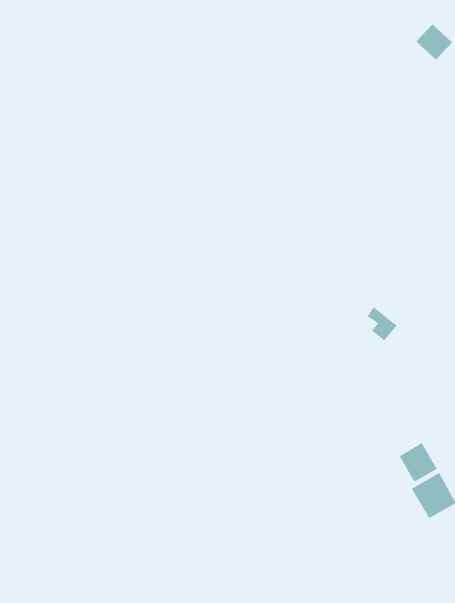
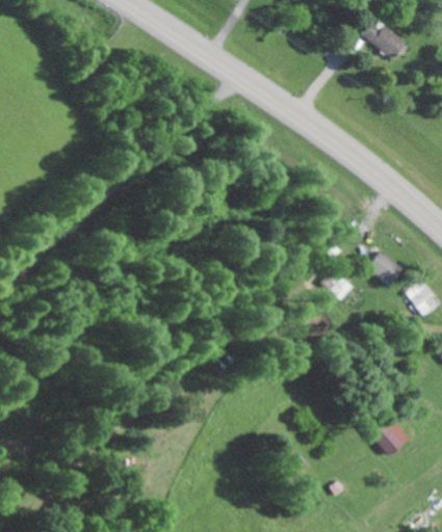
building: none -> [367,251,400,284]
building: [399,442,437,483] -> none

